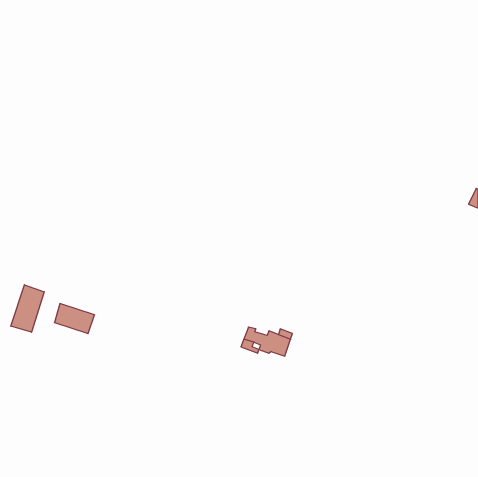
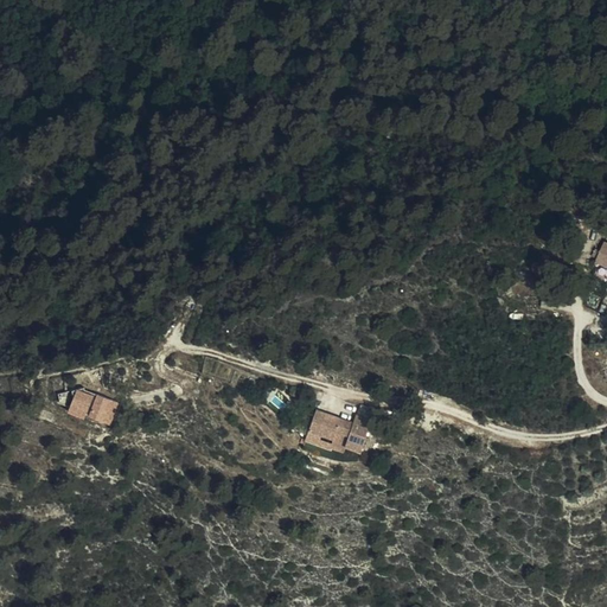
building: [11,285,44,332] -> none

